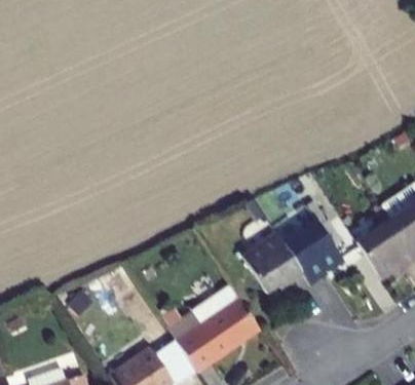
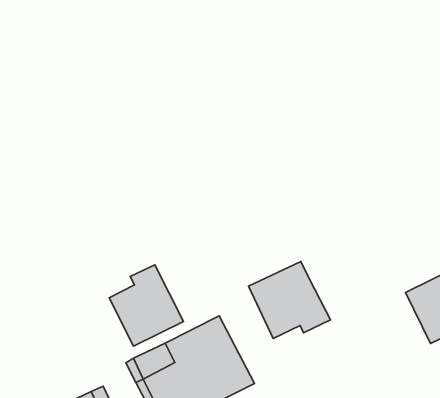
building: [287,219,346,282] -> none
building: none -> [109,265,184,346]

